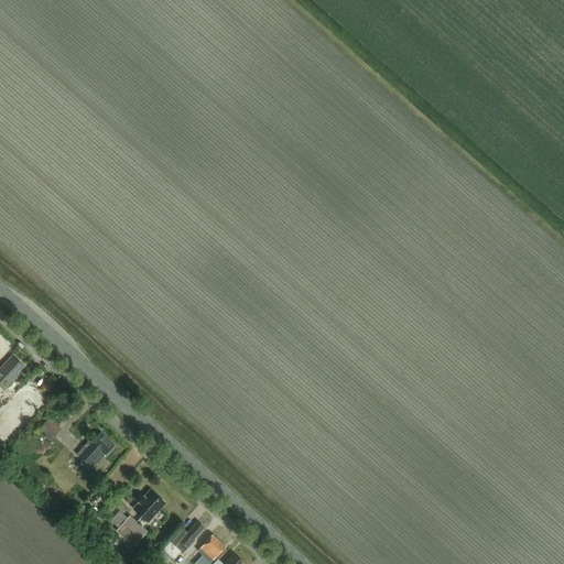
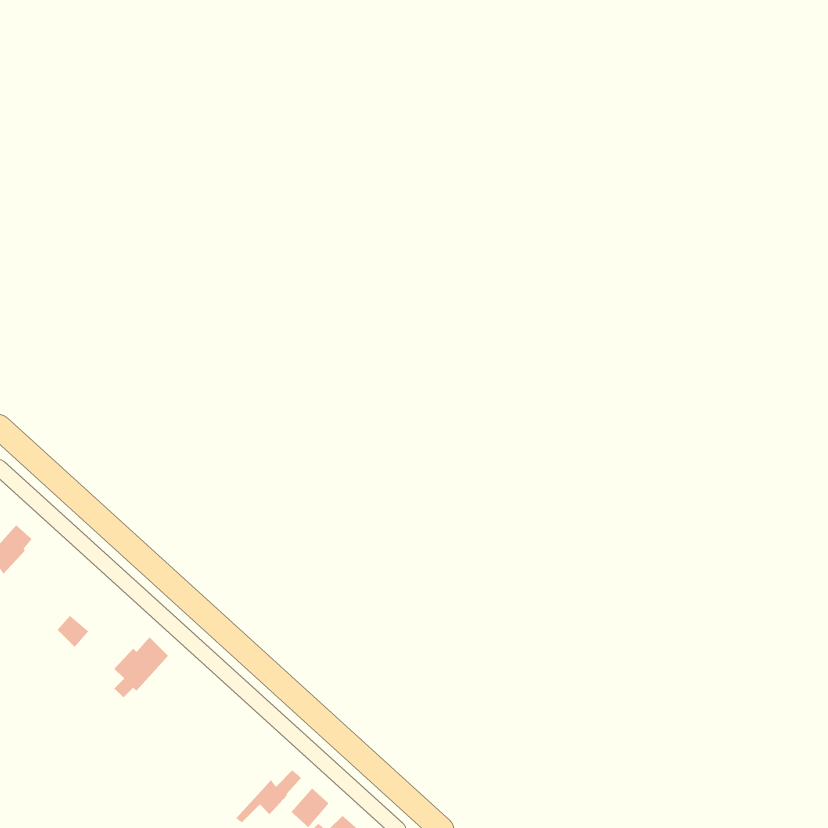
building: [119,491,165,544] -> none

